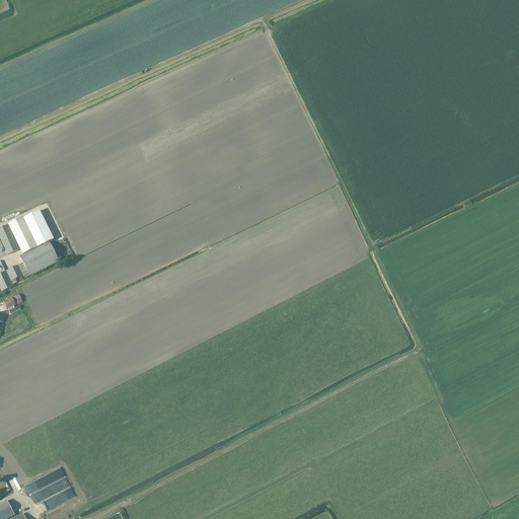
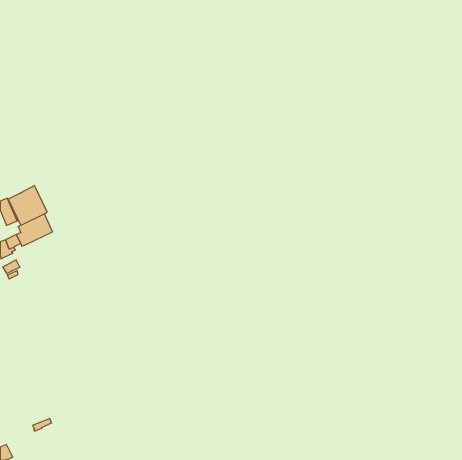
building: [25,478,69,507] -> none

